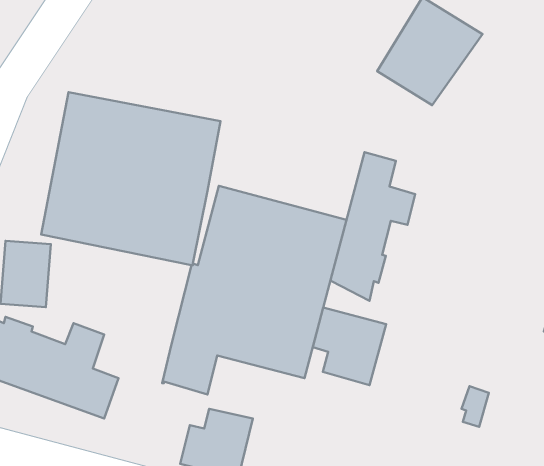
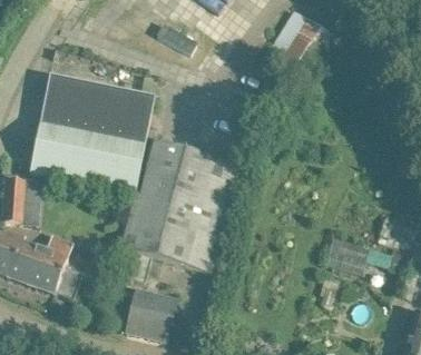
building: [331,152,415,301] -> none
building: [313,308,386,385] -> none

